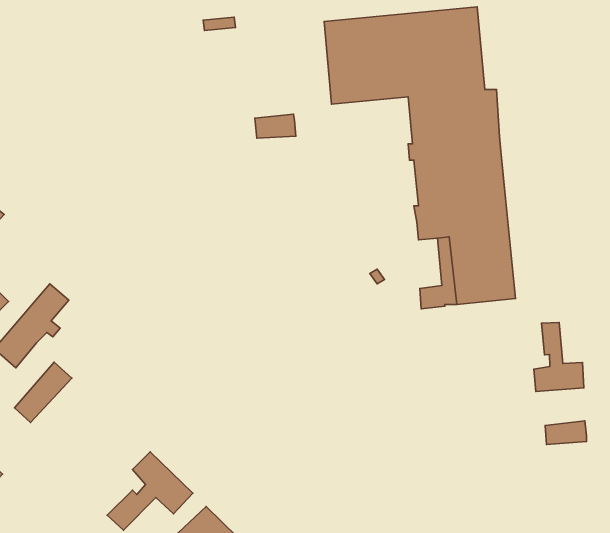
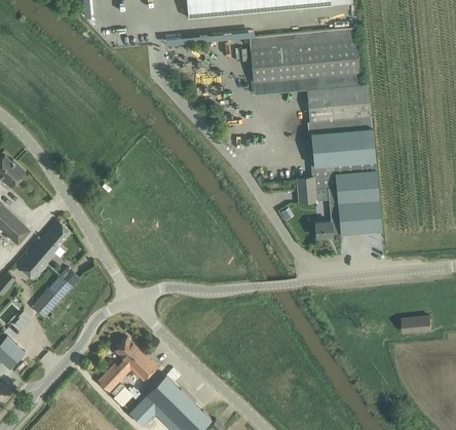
building: [255,114,296,138] -> none
building: none -> [297,177,315,202]
building: [534,322,584,392] -> none

